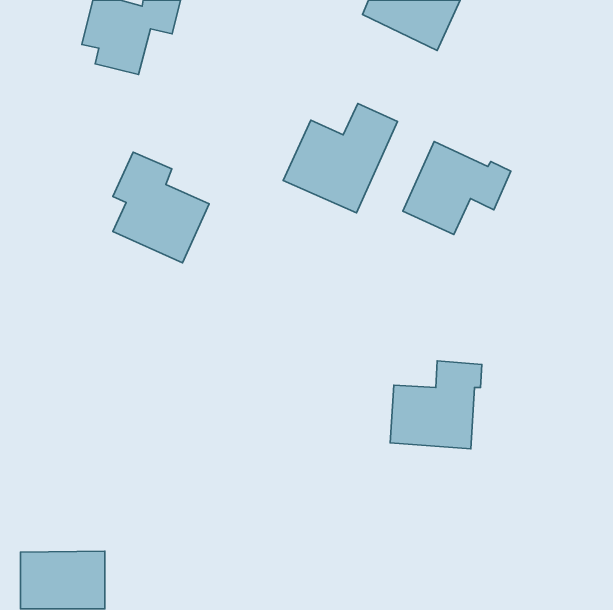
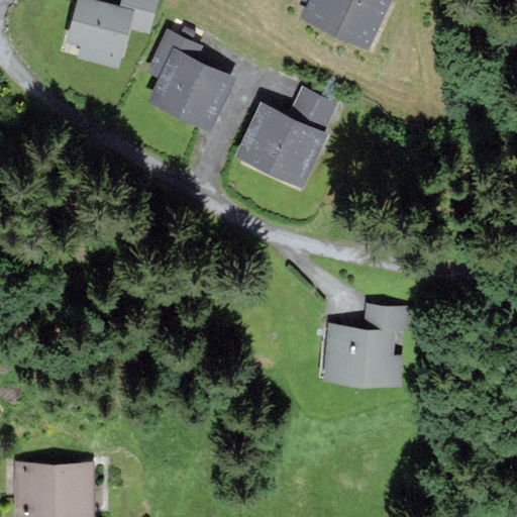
building: [403,142,511,235] -> none
building: [113,152,209,263] -> [149,33,230,126]

